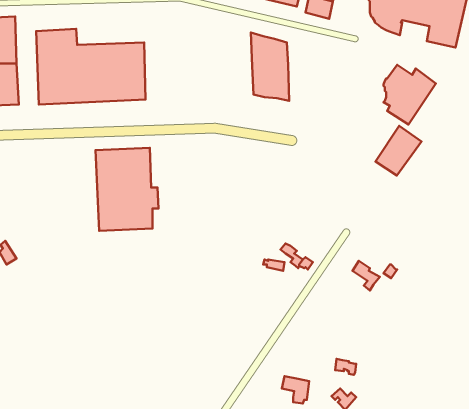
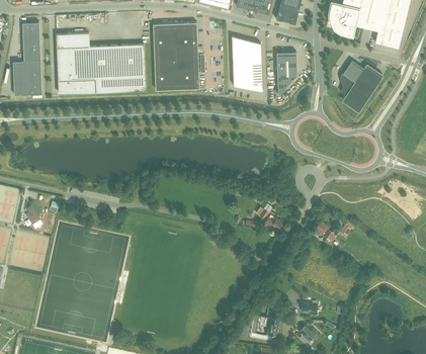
building: none -> [275,51,296,94]
building: [375,126,422,175] -> none
building: [95,148,159,231] -> [152,21,203,89]

